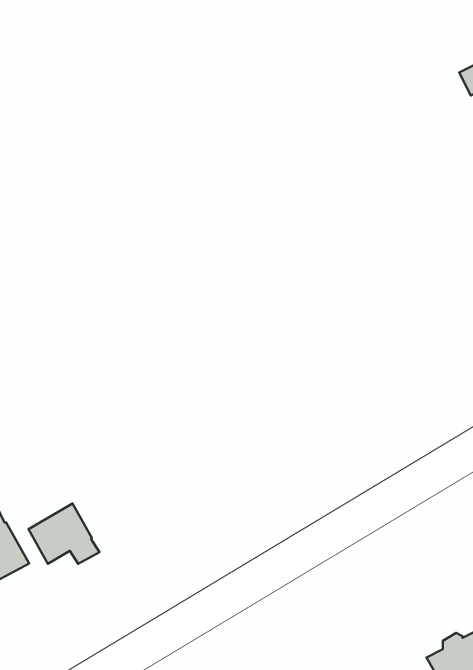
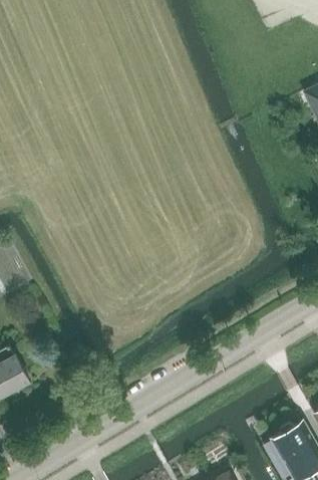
building: [29,503,99,564] -> none

